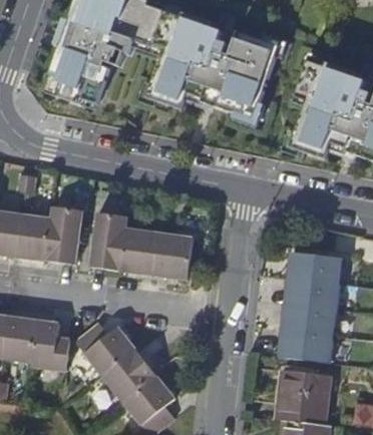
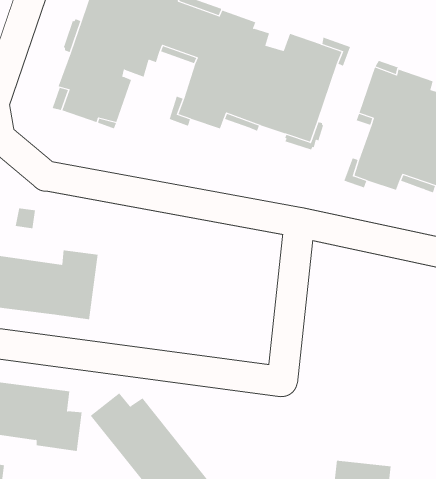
building: [91,212,196,279] -> none
building: [277,257,340,366] -> none

